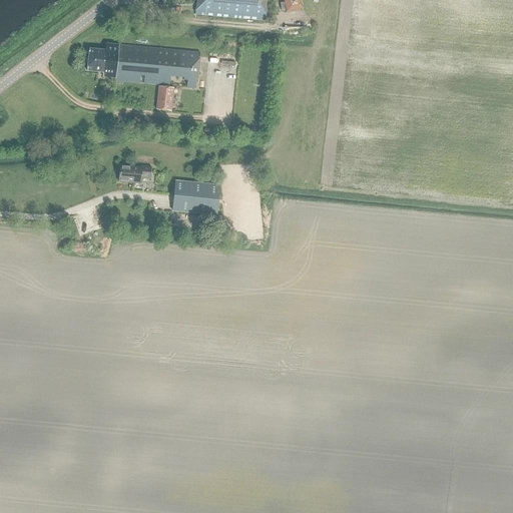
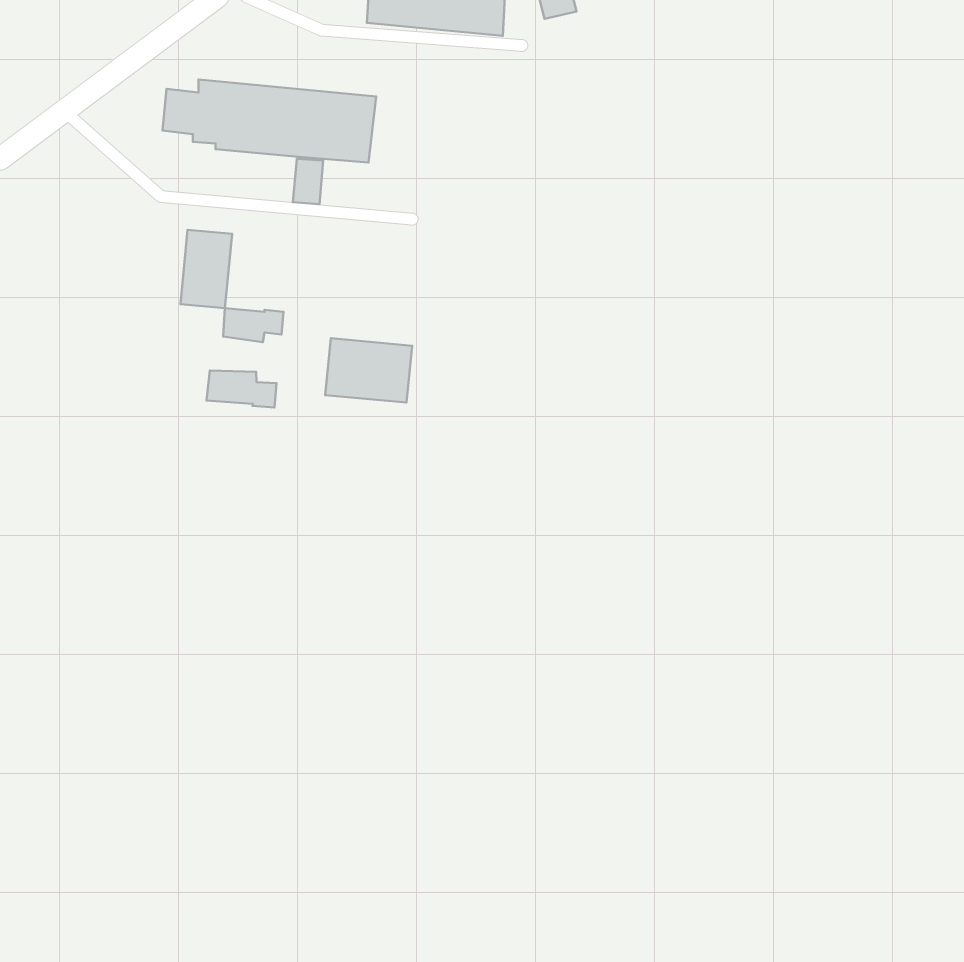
building: none -> [180,230,232,308]
building: none -> [207,370,276,407]

